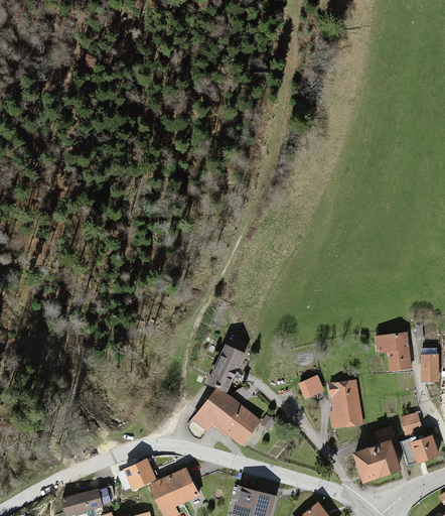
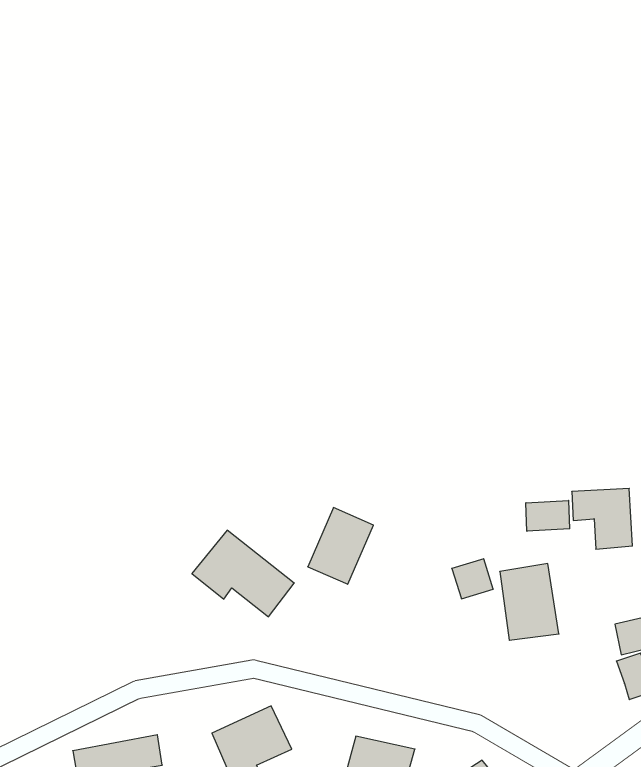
building: none -> [526,500,570,531]
building: [192,390,257,444] -> [192,530,294,617]
building: [355,426,406,482] -> none
building: [123,459,156,487] -> none

